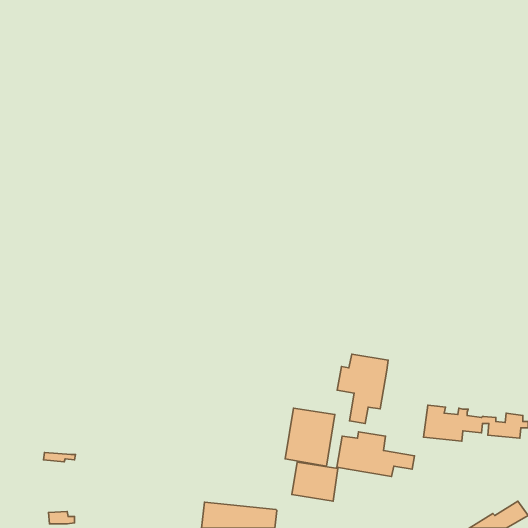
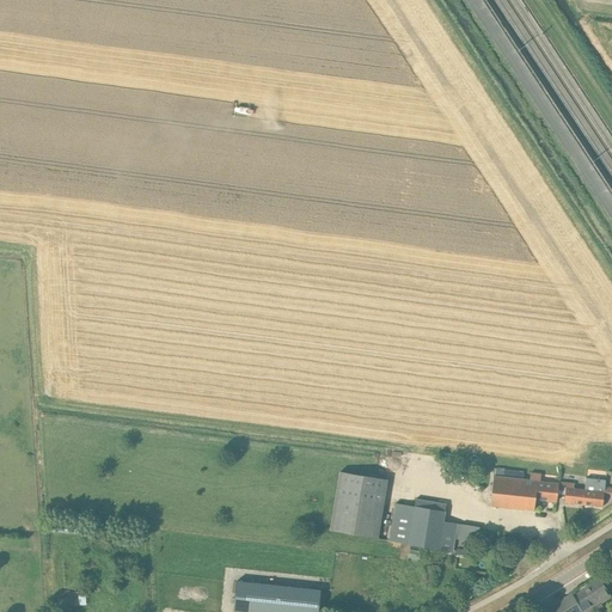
building: [337,354,388,424] -> none
building: [292,462,338,501] -> none

